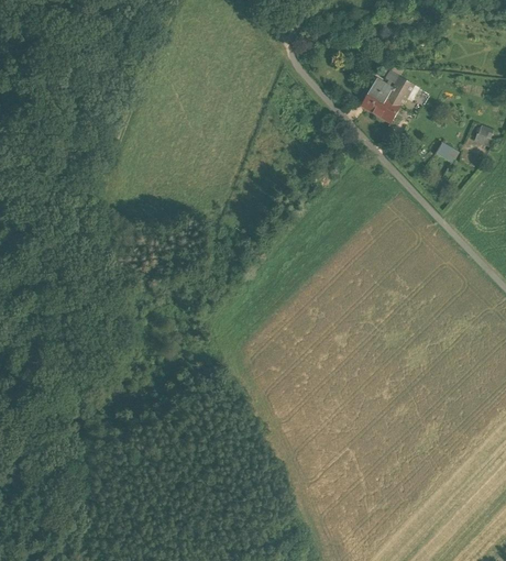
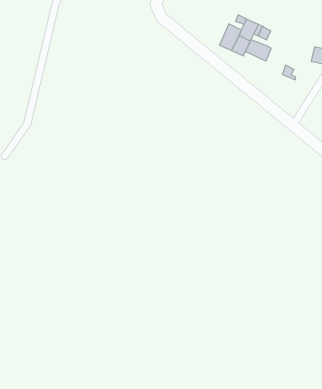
building: none -> [245,39,271,61]

